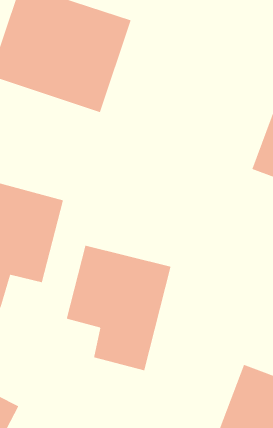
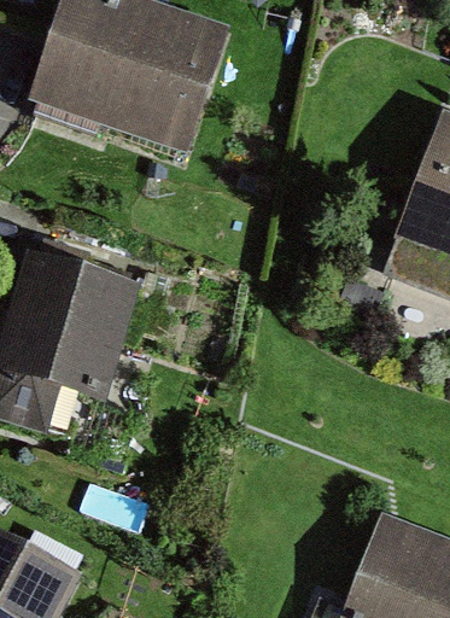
building: [66,245,171,371] -> none

